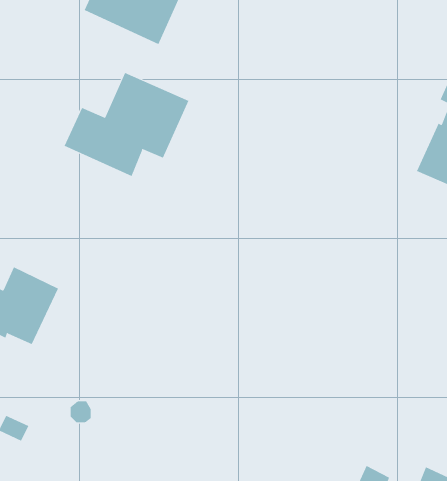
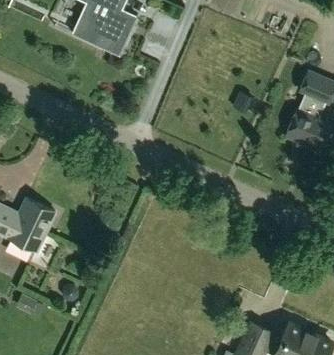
building: [64,72,189,177] -> none

